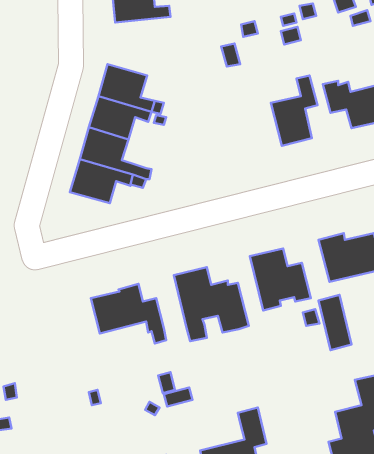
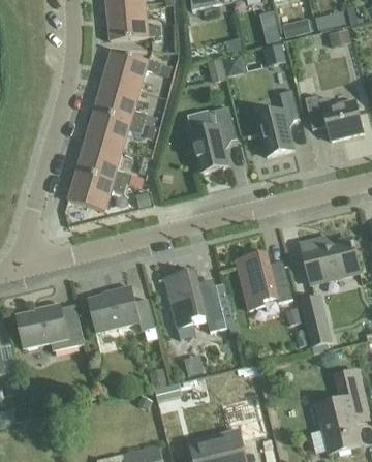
building: none -> [102,48,171,89]
building: none -> [190,105,237,172]
building: none -> [17,302,84,349]

